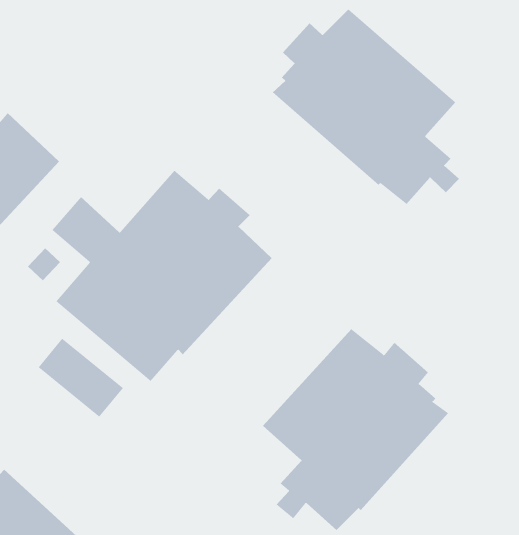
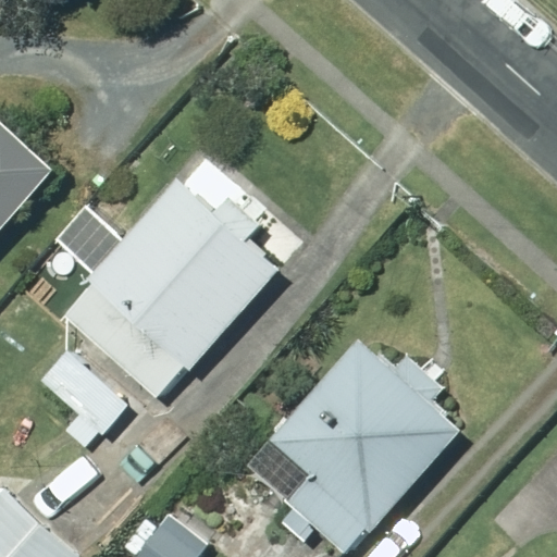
building: [272,9,460,205] -> none

